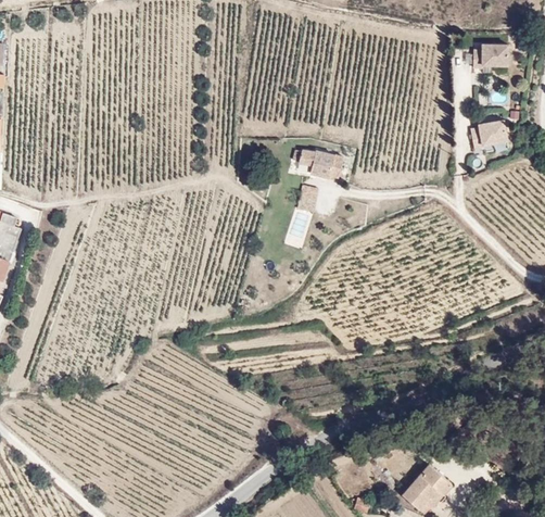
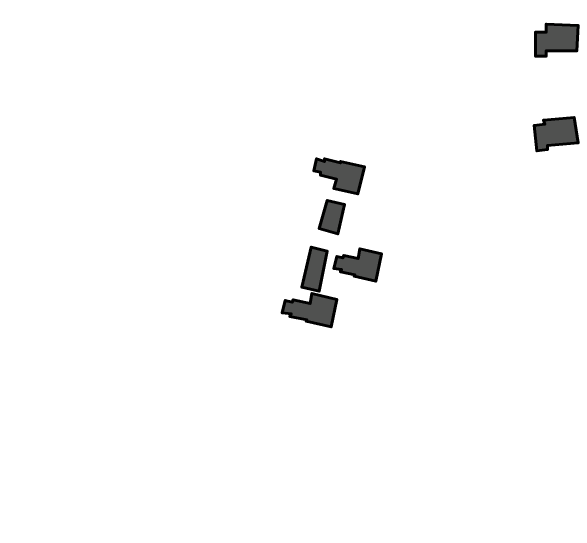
building: none -> [334,249,381,281]
building: none -> [282,294,337,327]

